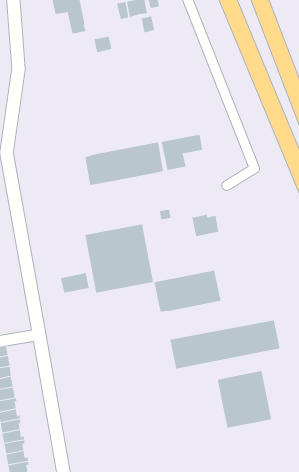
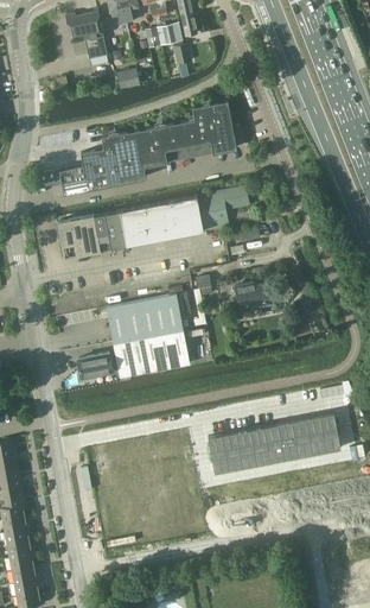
building: none -> [59,102,237,195]
building: none -> [57,215,113,260]
building: [154,270,221,312] -> none
building: [217,370,272,429] -> none

